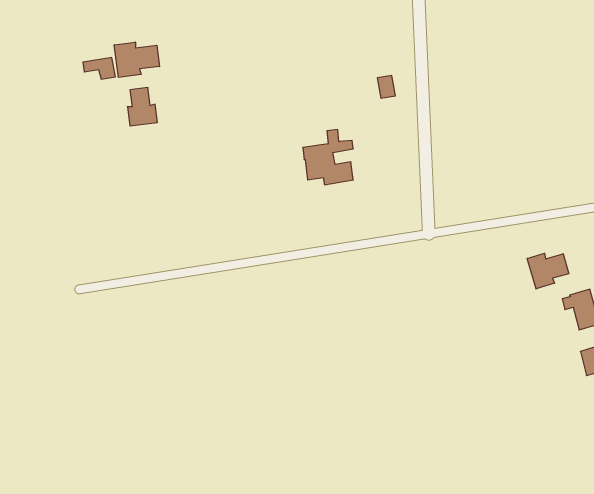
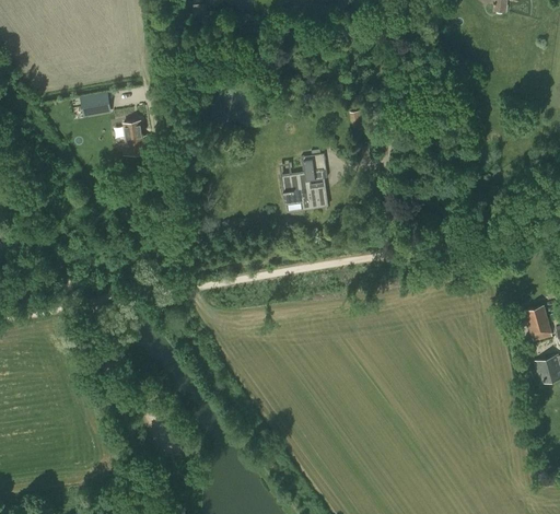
building: [114,42,159,77] -> none
building: [527,253,569,289] -> none

